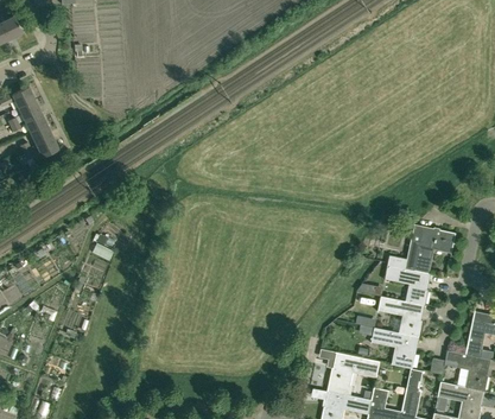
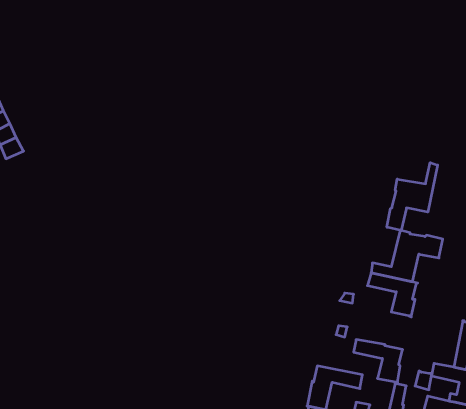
building: none -> [387,163,438,231]
building: [379,296,425,337] -> none

